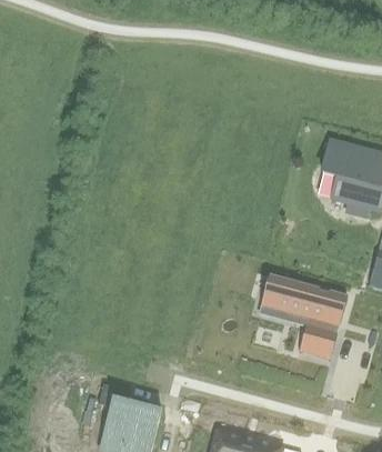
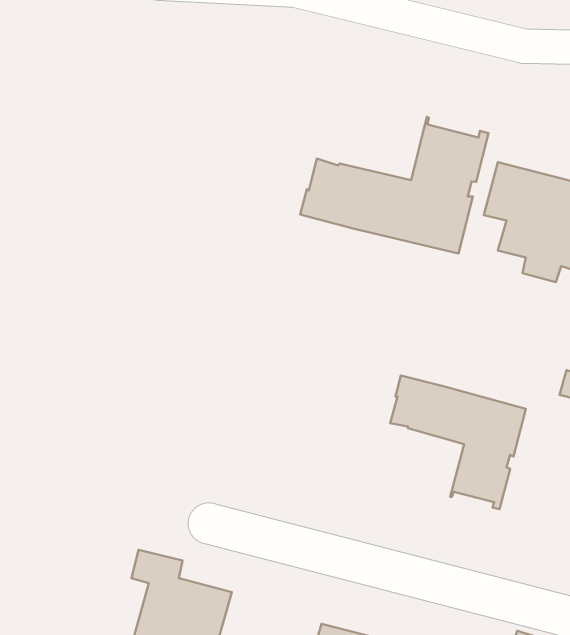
building: none -> [300,117,489,254]

